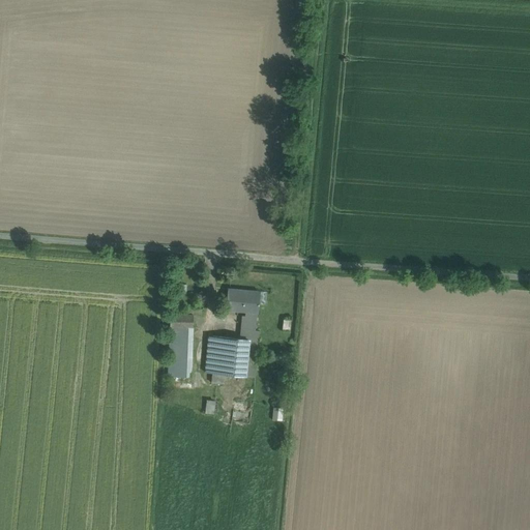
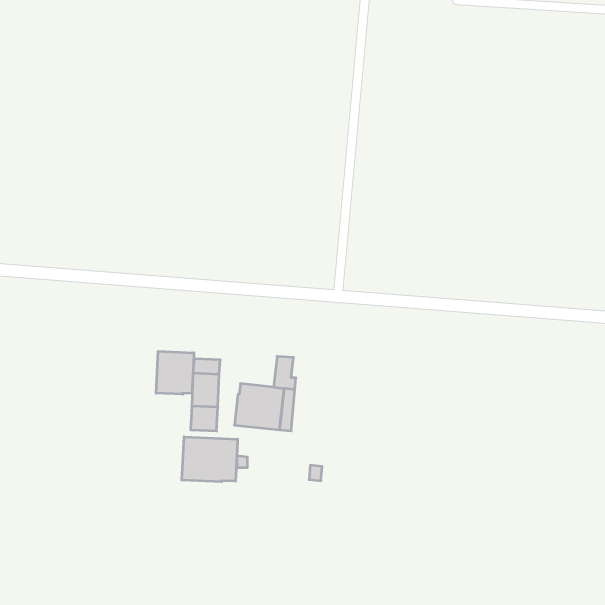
building: [226,288,259,313] -> none
building: none -> [156,351,194,394]
building: none -> [182,437,238,482]

